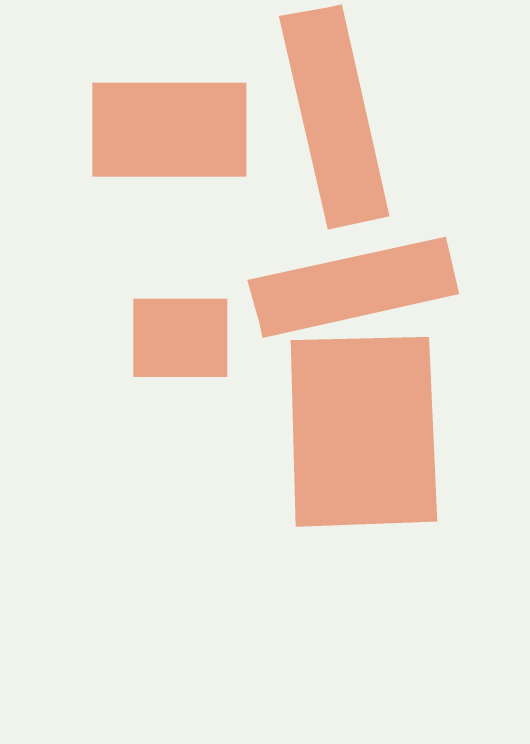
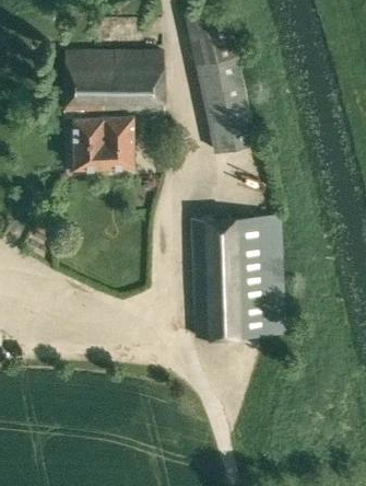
building: [246,236,460,339] -> none
building: [133,298,228,378] -> [73,116,134,167]

